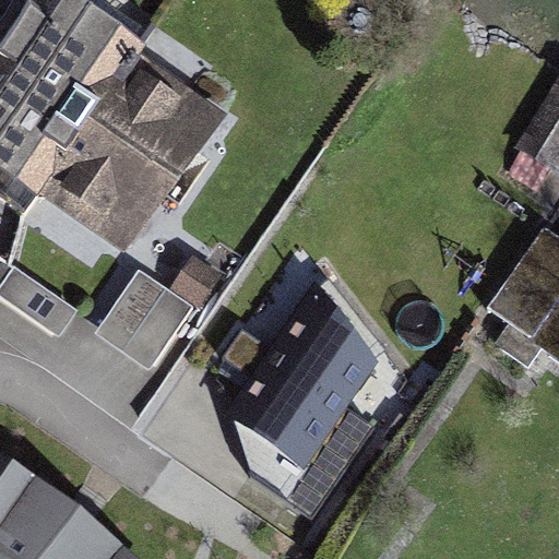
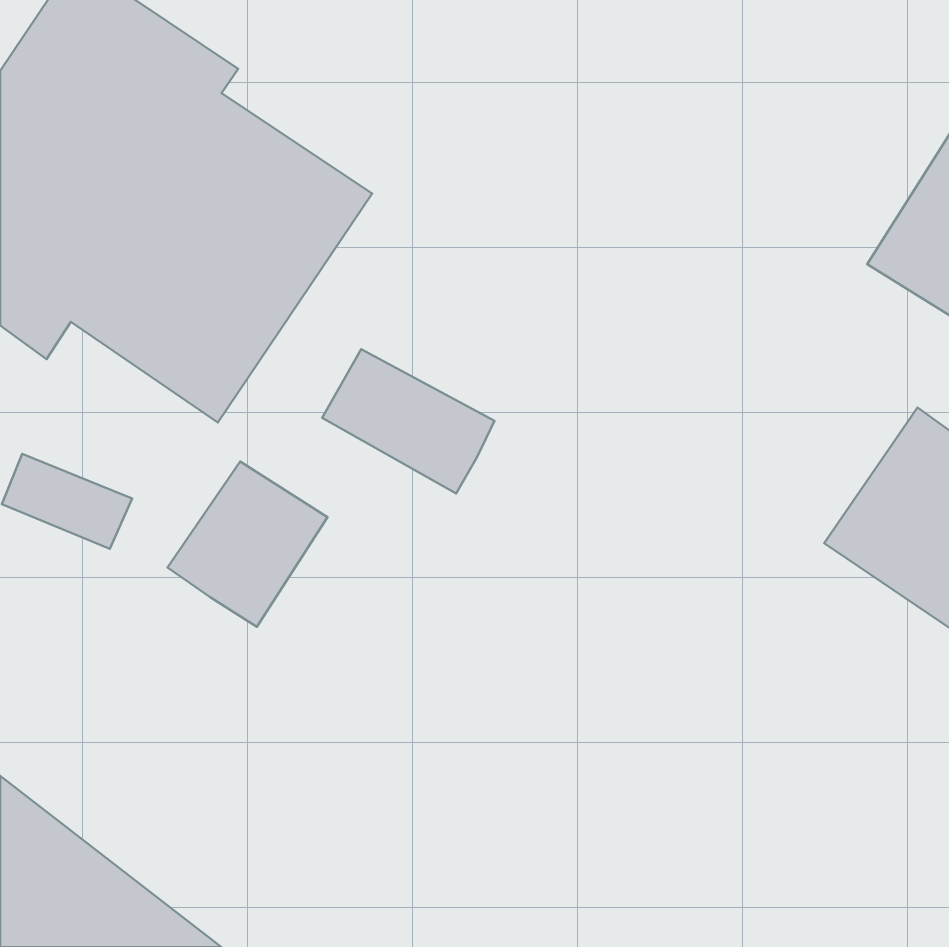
building: none -> [322,349,495,493]
building: [237,283,378,514] -> none

